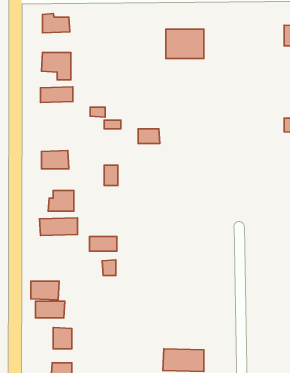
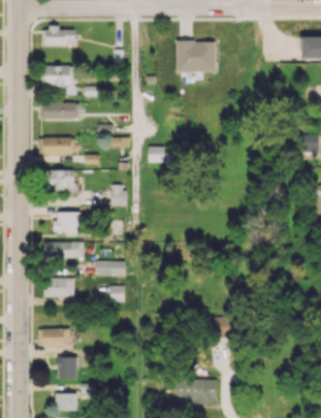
building: none -> [39,136,74,154]
building: [31,281,59,300] -> [44,278,74,297]

